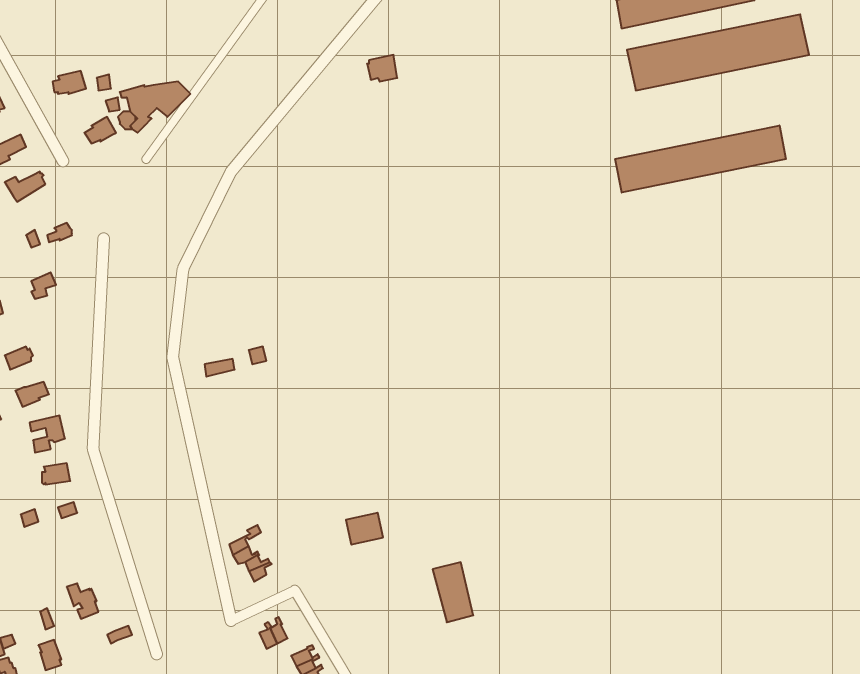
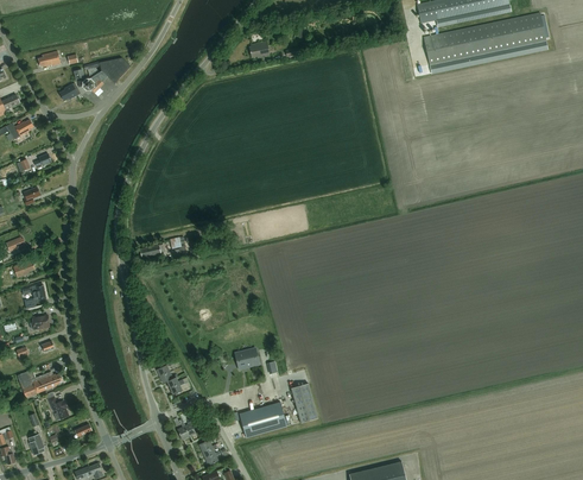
building: [615,125,786,193] -> none
building: none -> [17,371,63,397]
building: none -> [240,402,287,437]

